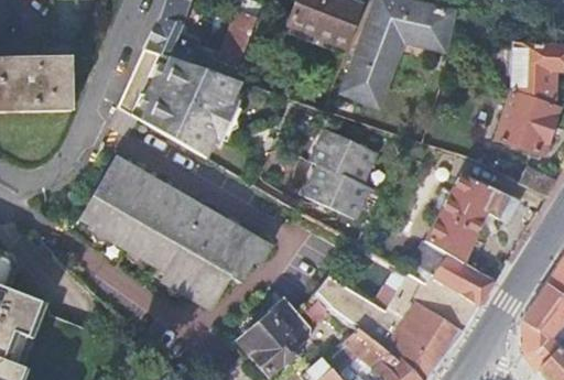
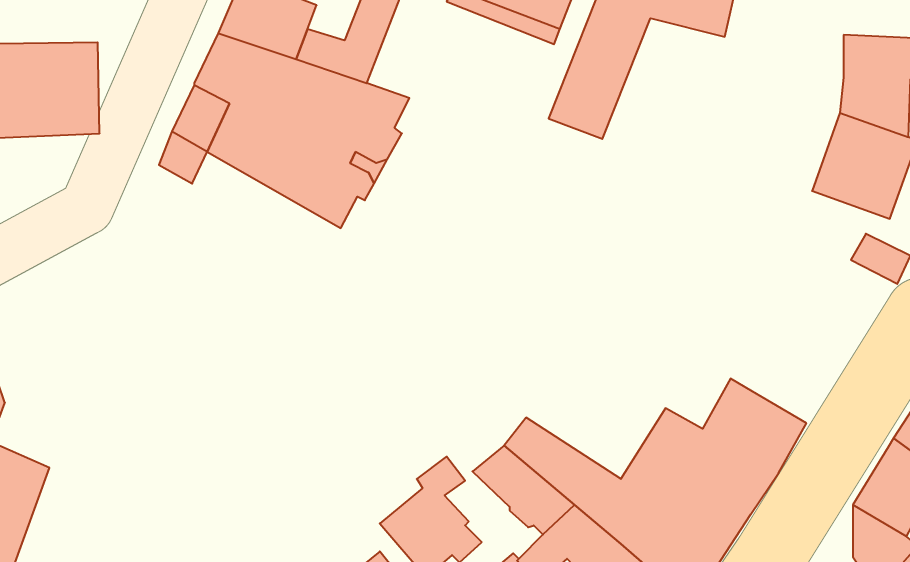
building: [305,129,376,217] -> none
building: [82,158,269,306] -> none
building: [425,170,517,259] -> none

